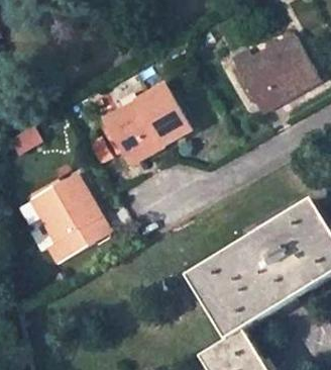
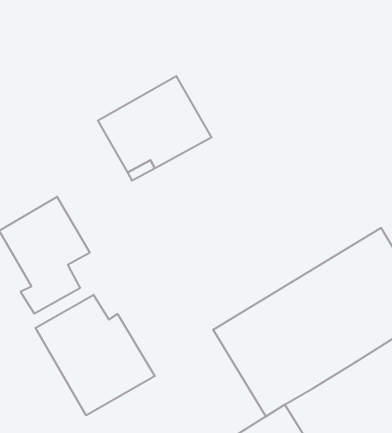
building: [228,34,317,107] -> none
building: none -> [35,295,155,415]

